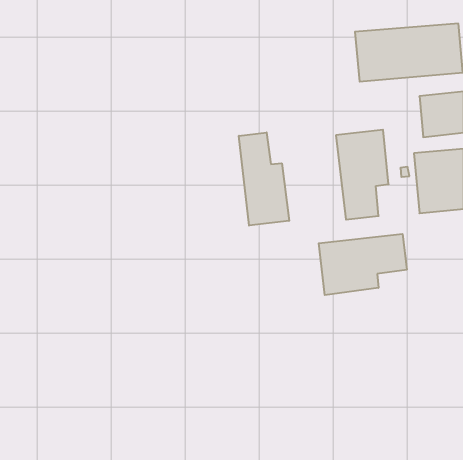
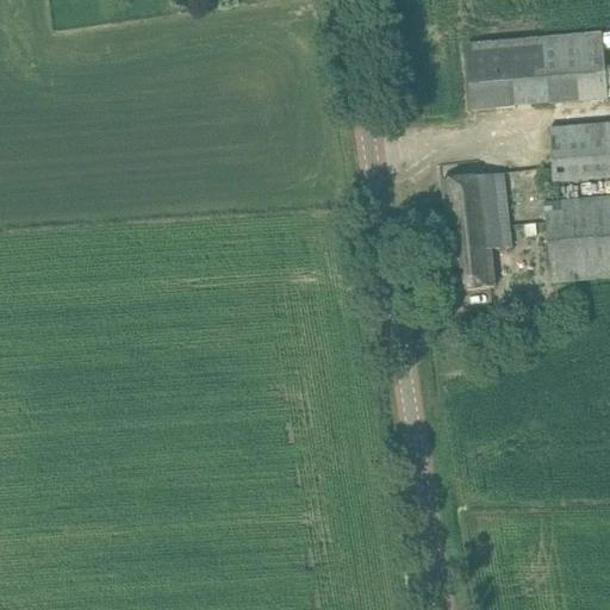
building: [239,132,289,226] -> none
building: [319,234,407,295] -> none

